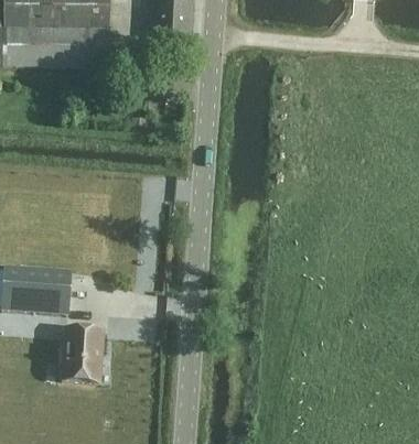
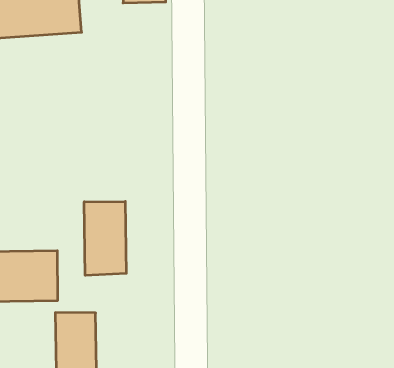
building: none -> [84,201,126,275]

